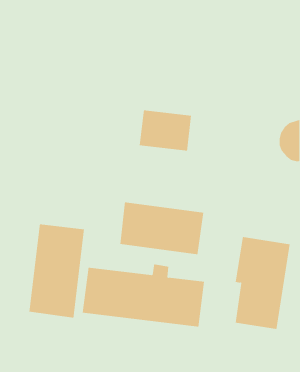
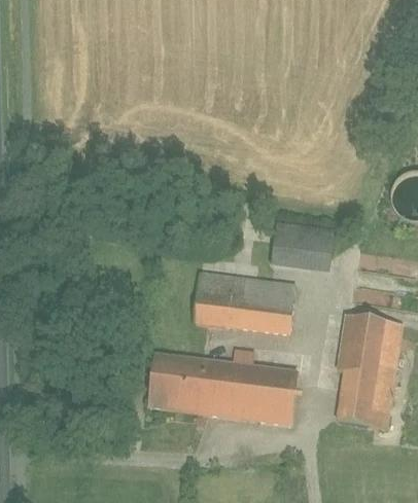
building: [139,110,192,151] -> [270,220,336,272]
building: [29,224,84,318] -> none

